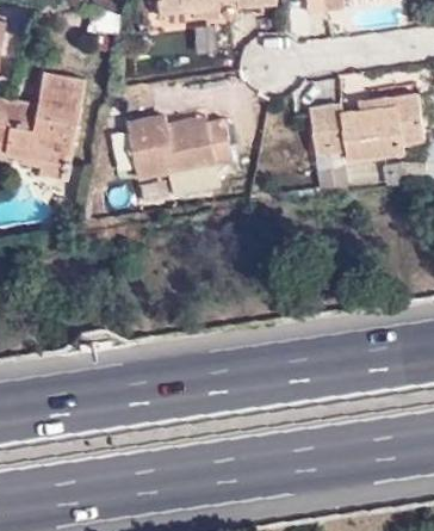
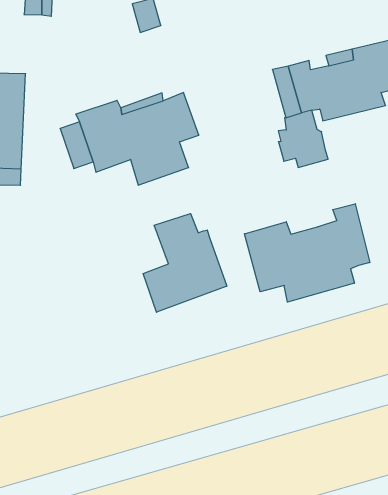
building: none -> [143,214,227,312]
building: none -> [244,204,370,302]

